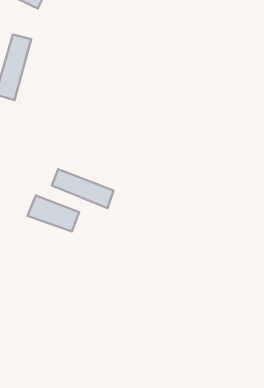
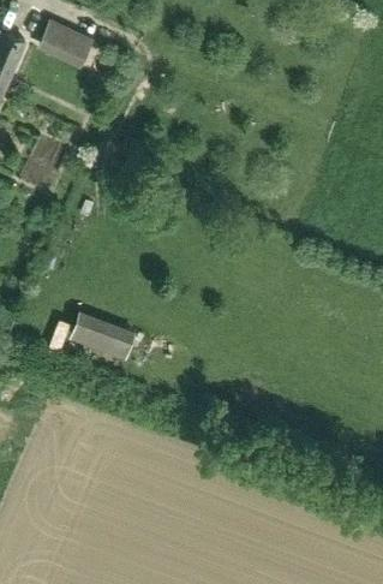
building: [52,169,114,208] -> none

